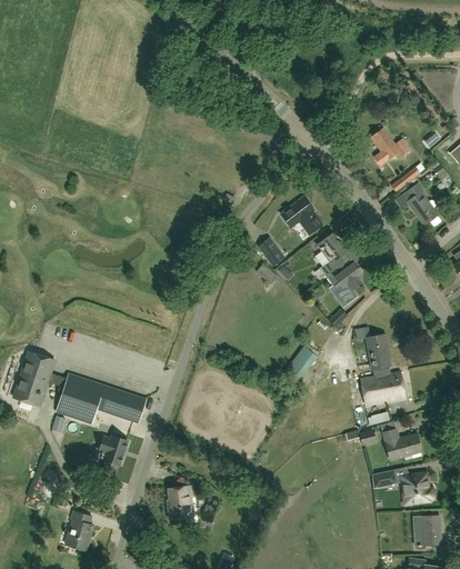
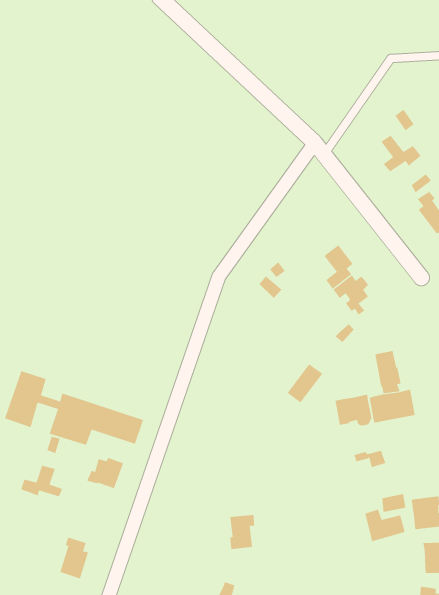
building: [282,197,321,231] -> none
building: none -> [335,394,372,426]
building: [382,428,421,459] -> [365,509,406,542]
building: none -> [20,465,63,497]
building: [168,485,192,518] -> [229,514,255,550]

